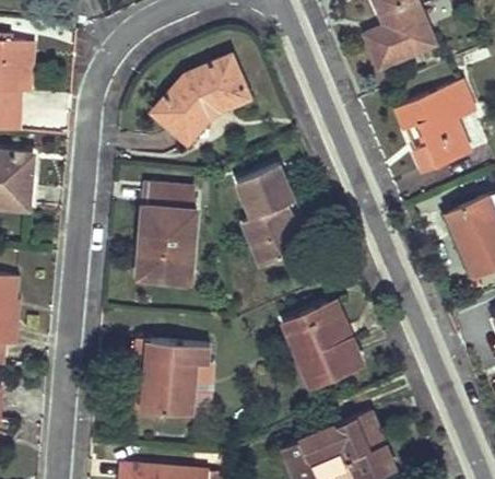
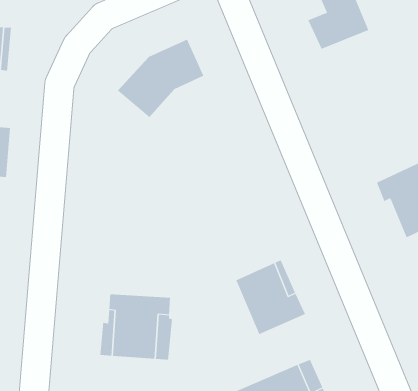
building: [397,82,474,173] -> none
building: [236,165,305,267] -> none
building: [138,185,197,273] -> none

